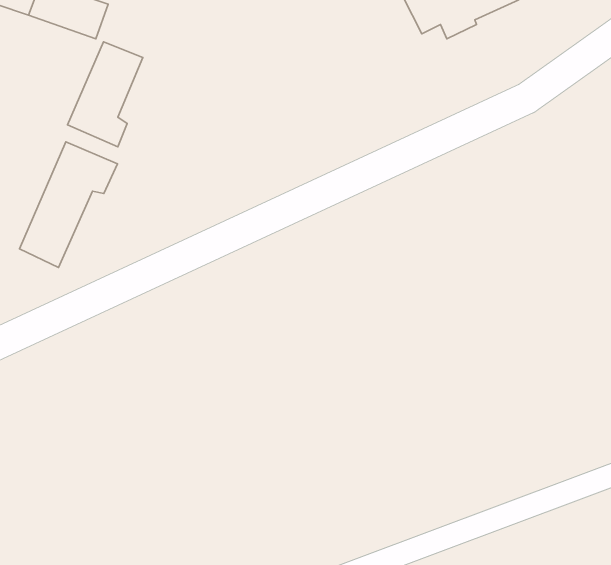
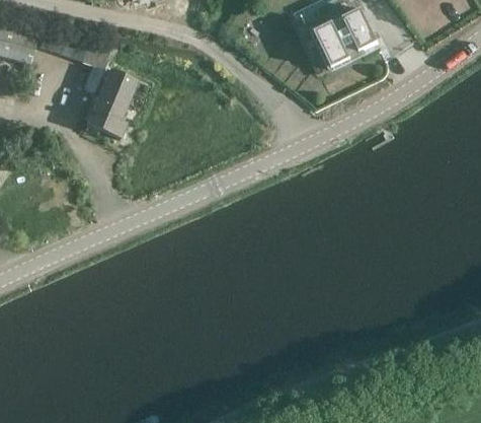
building: [20,142,118,267] -> none

